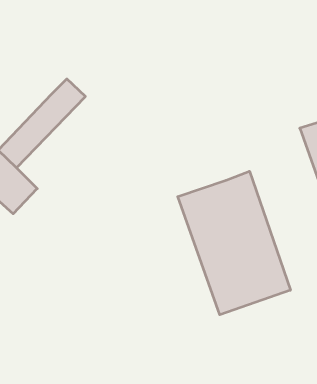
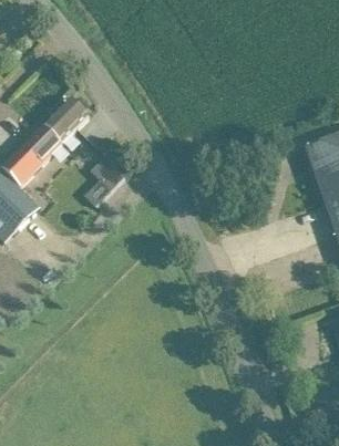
building: none -> [84,154,124,204]
building: [178,171,290,315] -> none

